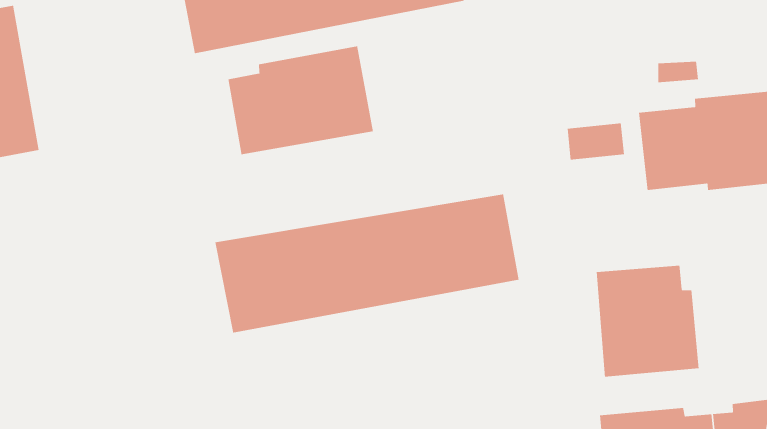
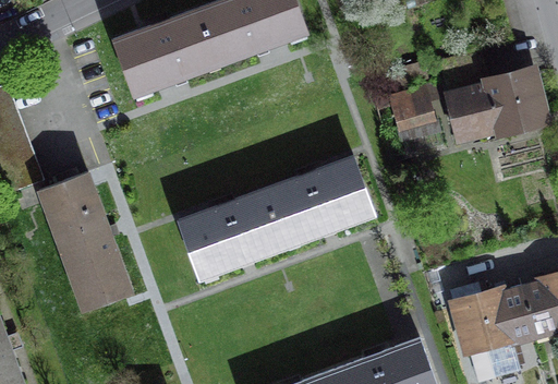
building: [228,45,374,155] -> none
building: none -> [40,173,135,312]
building: [596,265,699,377] -> none

